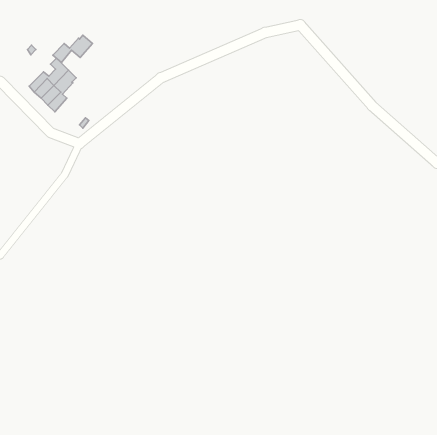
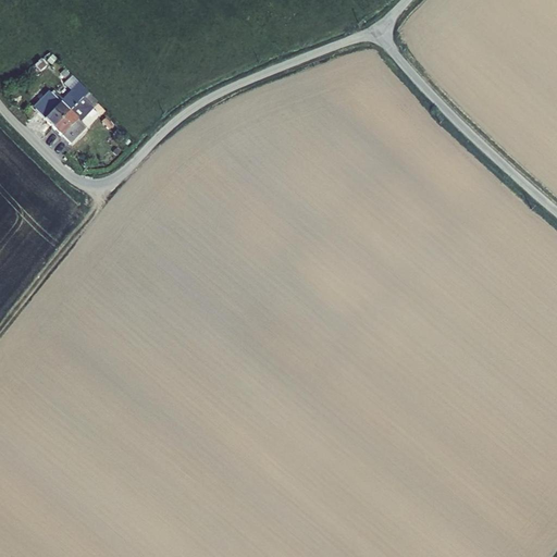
building: [53,35,92,63] -> none

